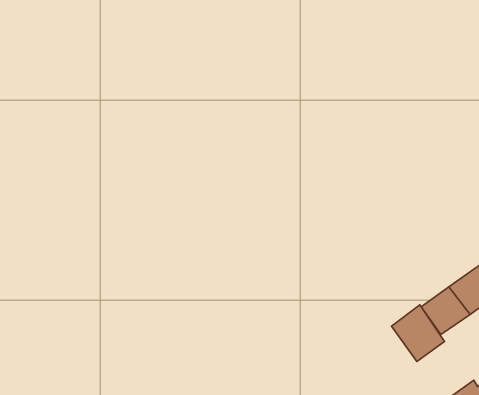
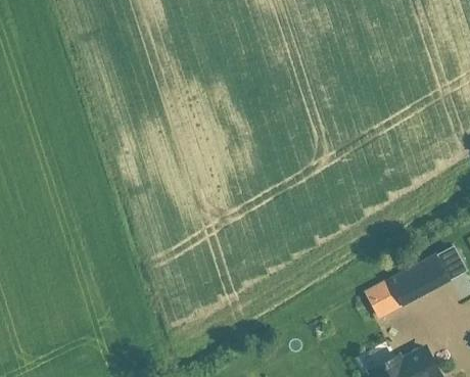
building: [392,305,445,361] -> none

